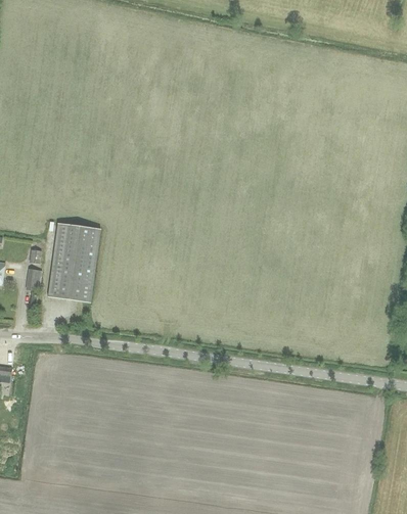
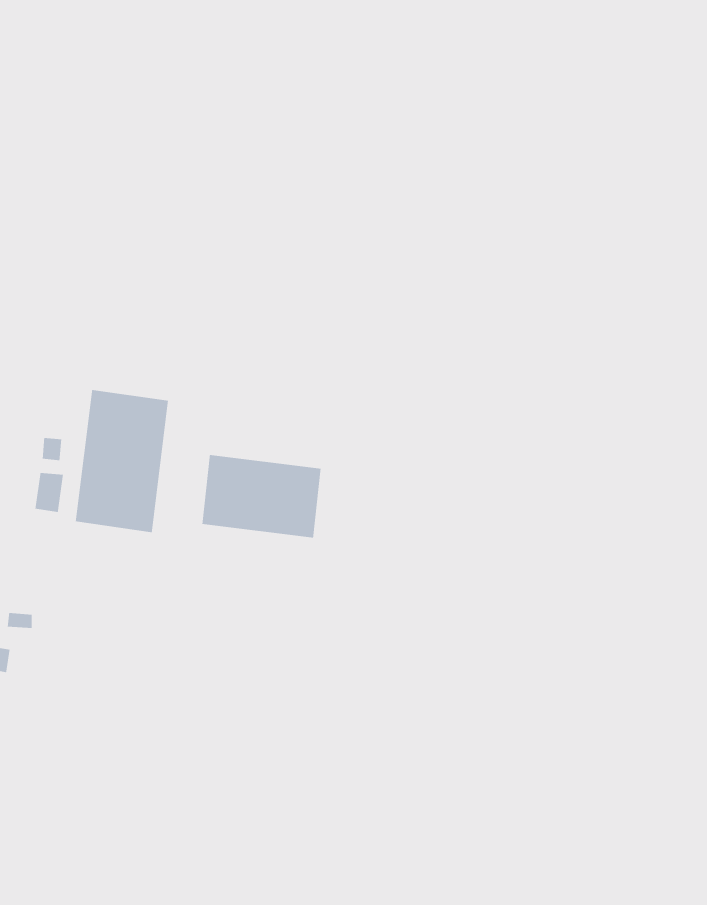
building: none -> [201,454,321,538]

